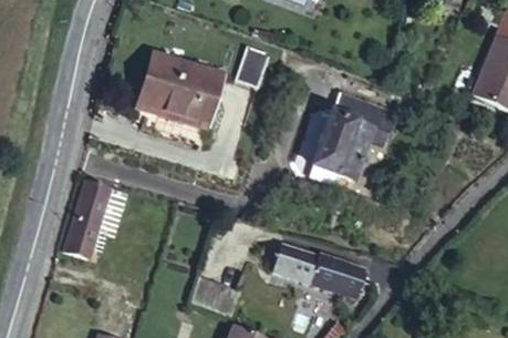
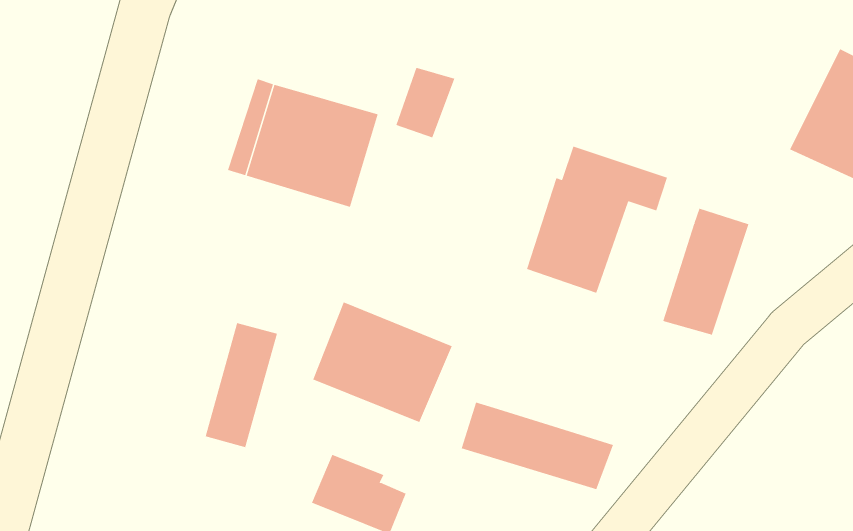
building: none -> [663,208,749,335]
building: [66,183,110,257] -> [205,322,278,448]
building: none -> [312,302,453,423]

